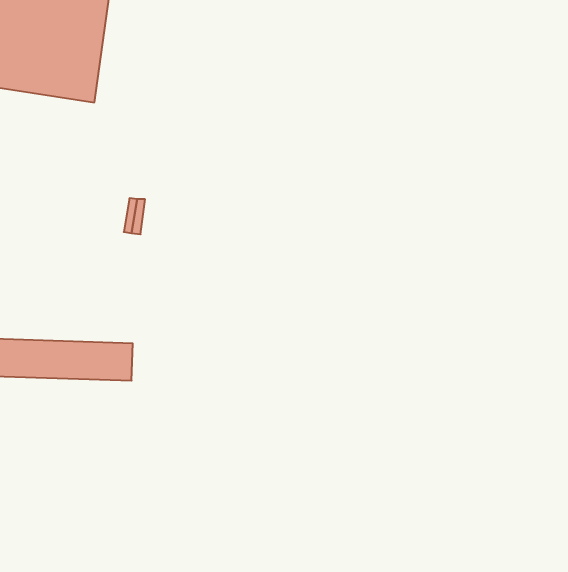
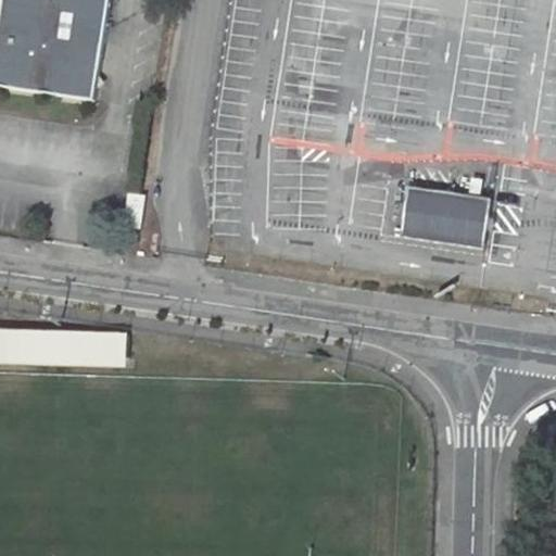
building: none -> [395,184,488,247]

